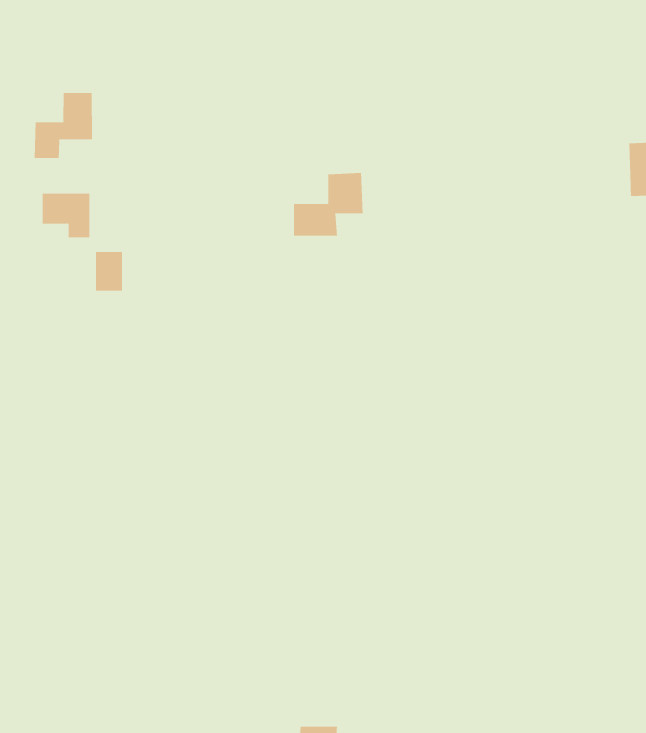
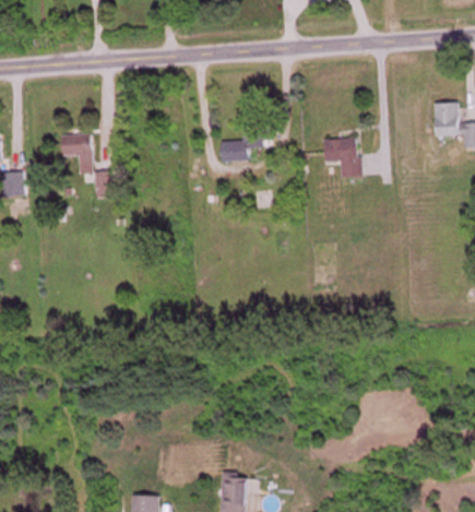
building: [34,92,93,159] -> none
building: none -> [324,138,360,177]

